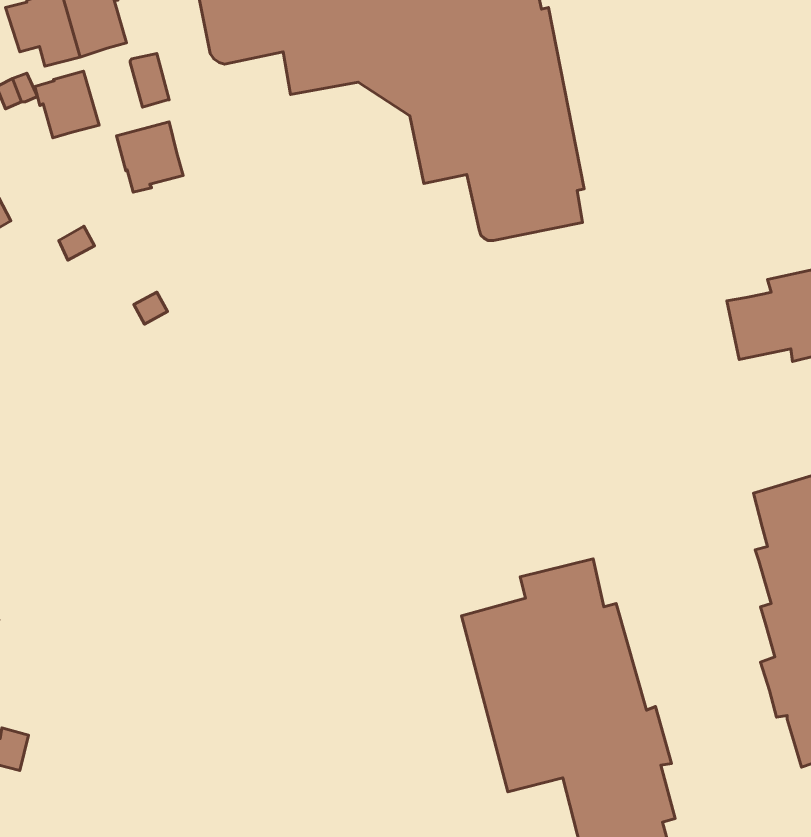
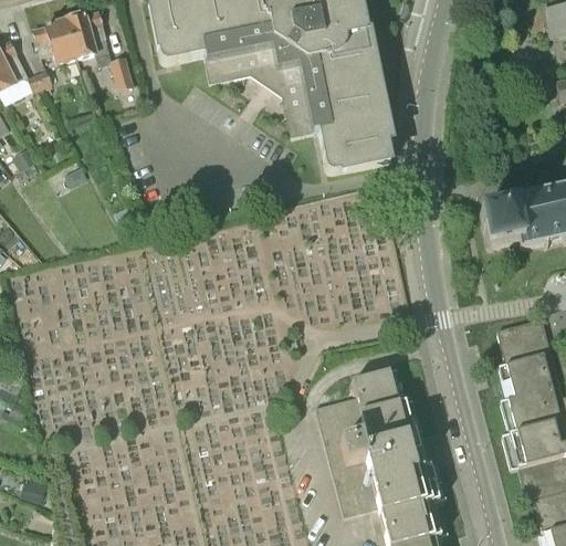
building: [35,71,99,138] -> none
building: [117,122,183,192] -> none

